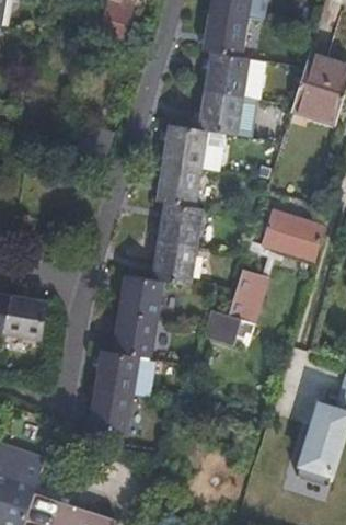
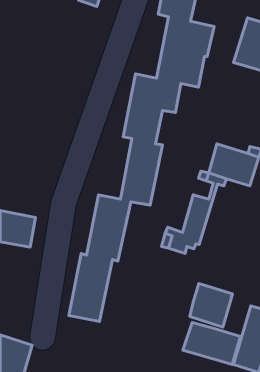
building: none -> [190,284,232,327]
building: none -> [183,323,241,364]

